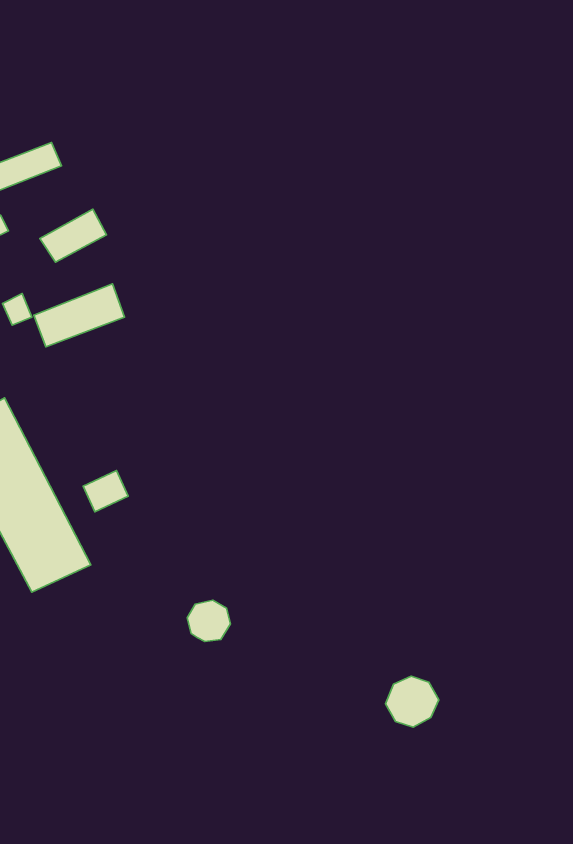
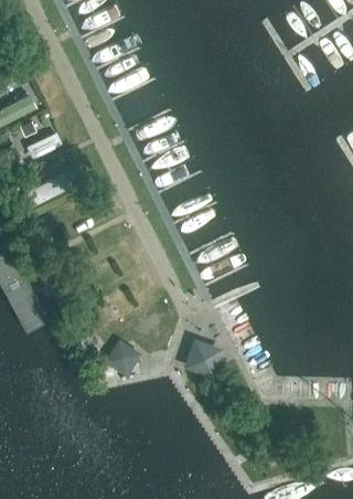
building: [386,676,439,727] -> [183,346,213,374]

